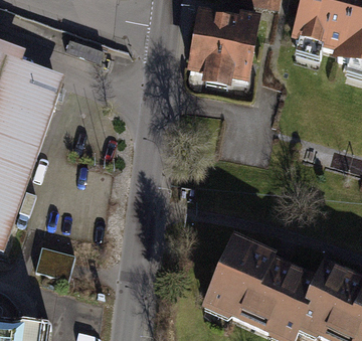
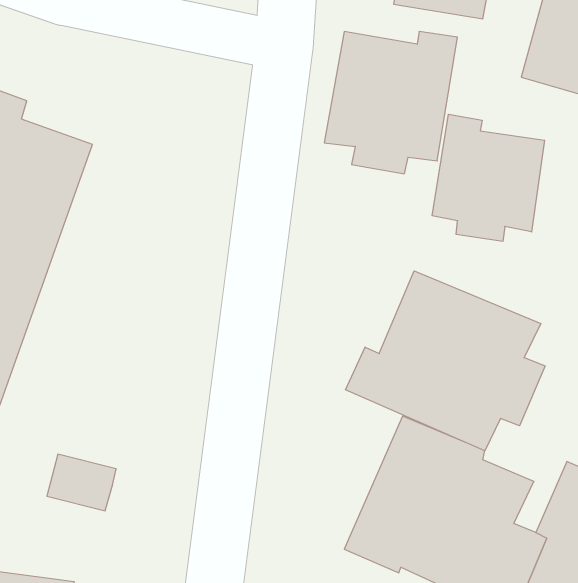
building: none -> [432,114,545,241]
building: none -> [345,271,545,451]

